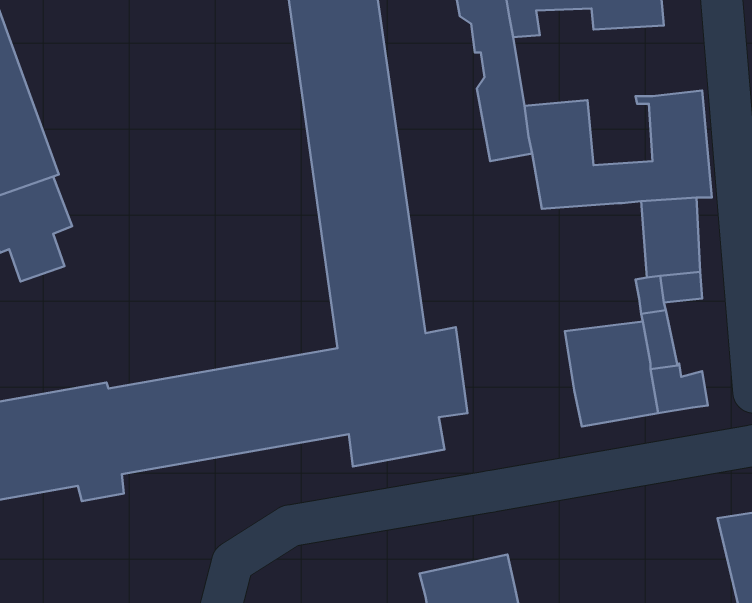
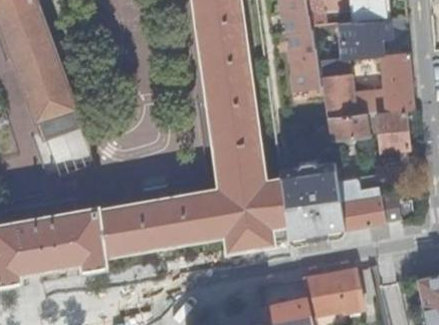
building: none -> [337,20,392,60]
building: none -> [325,113,369,139]
building: none -> [279,159,347,241]
building: none -> [303,270,362,316]

